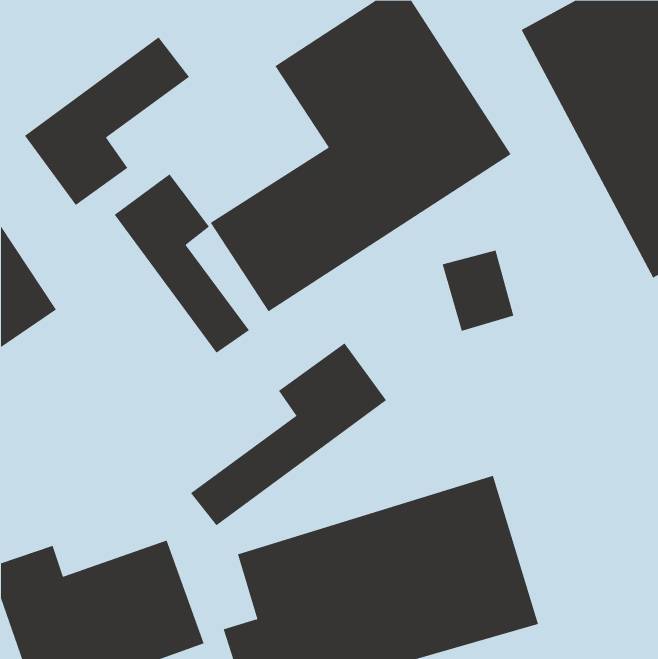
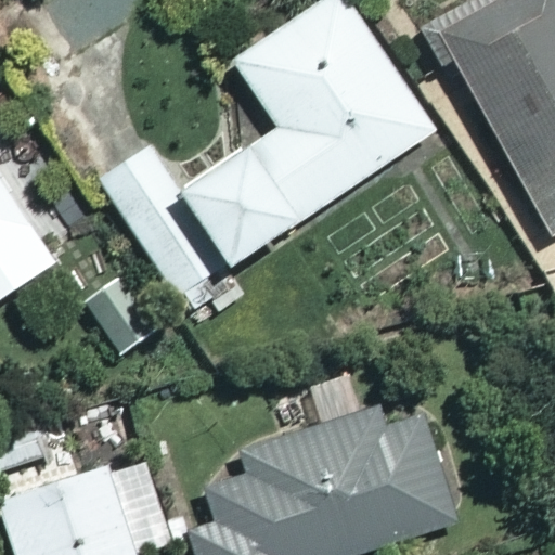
building: [24,36,190,206] -> none
building: [190,343,387,526] -> none

